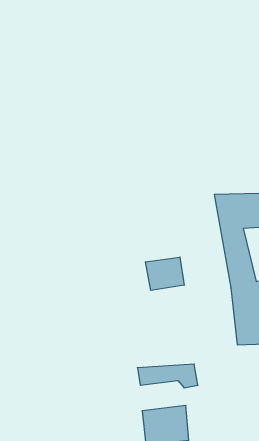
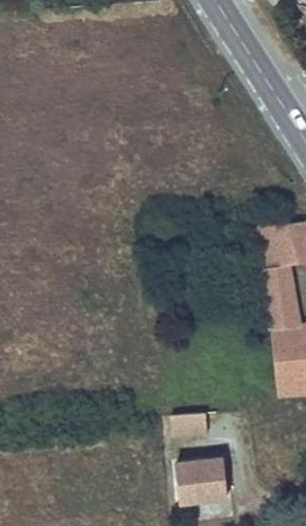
building: [146,257,184,290] -> none

